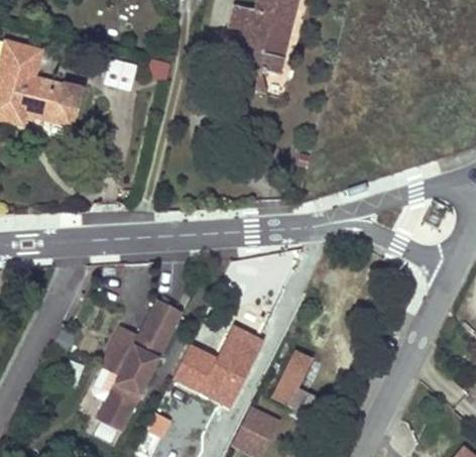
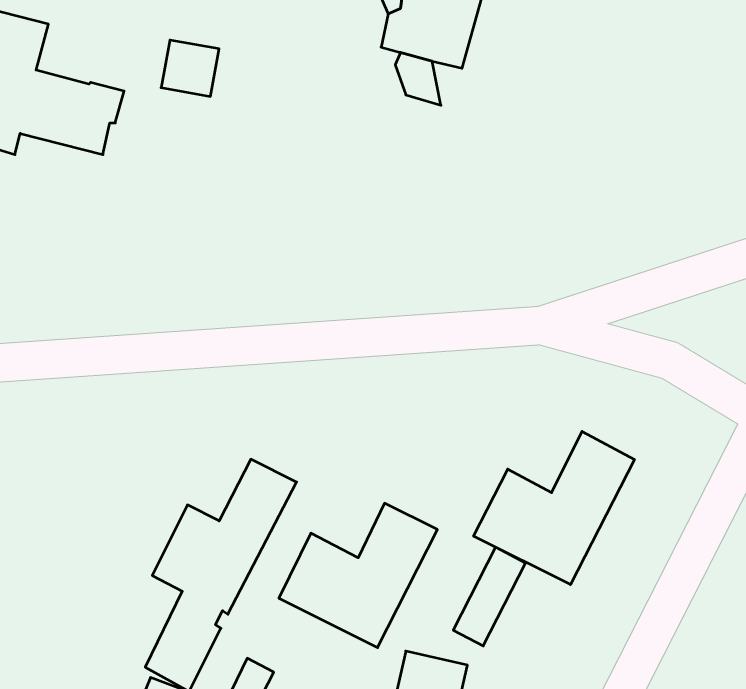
building: none -> [474,431,634,585]

